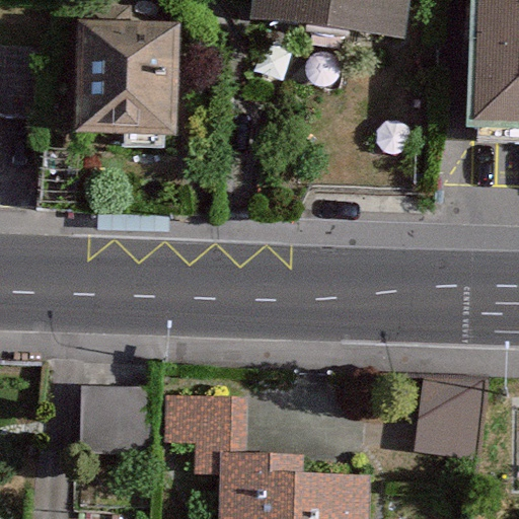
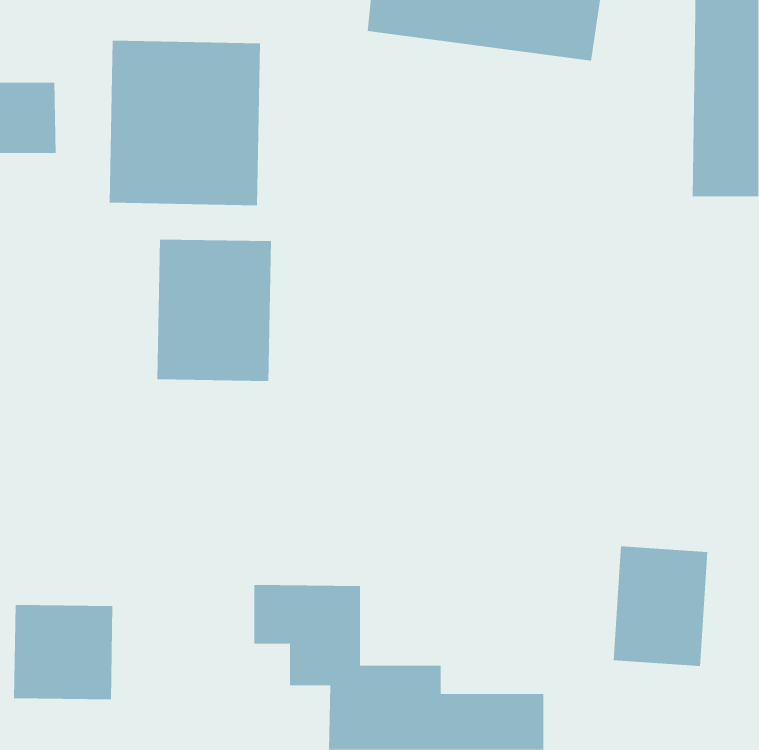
building: none -> [157,239,272,382]
building: [85,387,153,452] -> [13,604,113,700]

